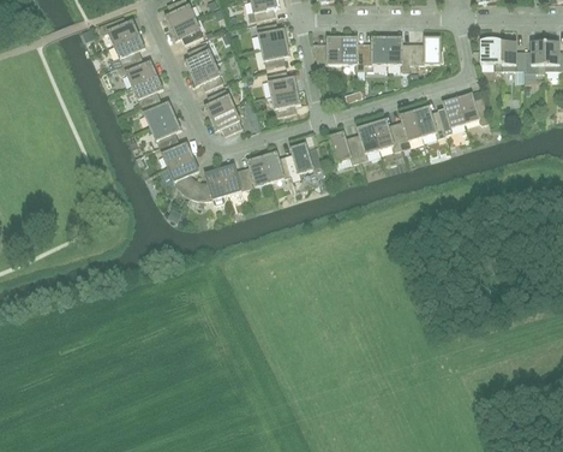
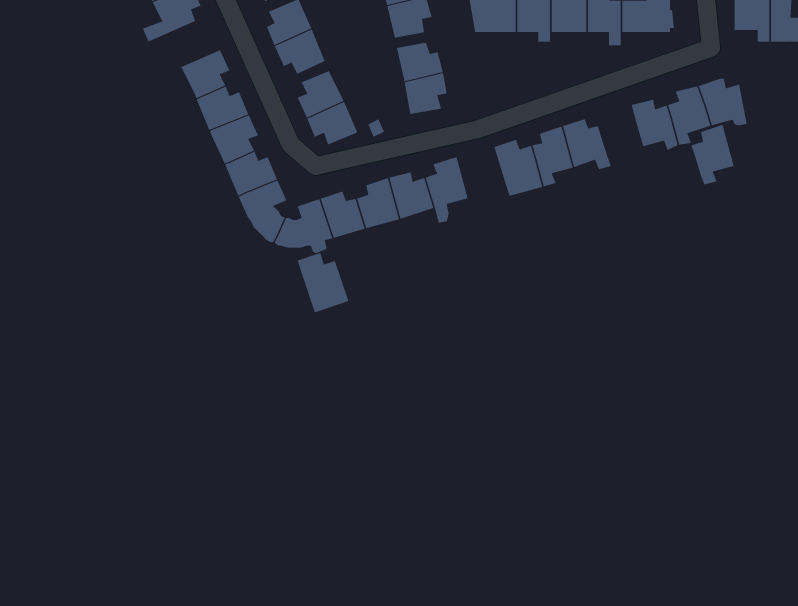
building: [116,57,156,85] -> none
building: [394,109,421,148] -> [691,124,735,185]
building: none -> [297,252,349,313]

